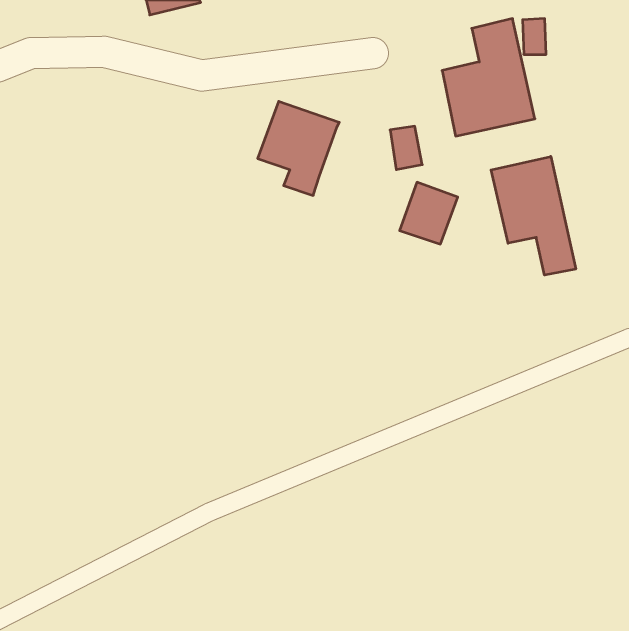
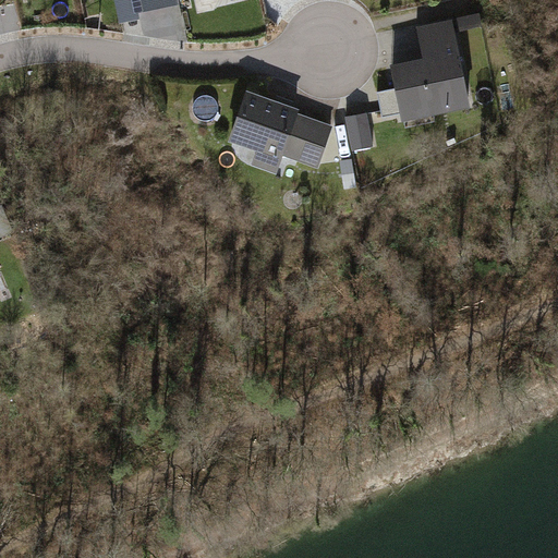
building: [491,156,576,275] -> none
building: [400,182,458,244] -> [281,113,332,168]

